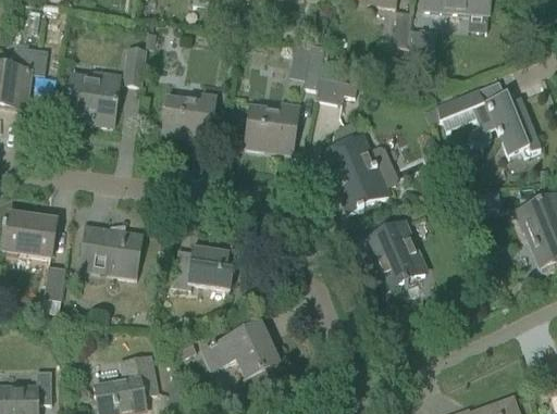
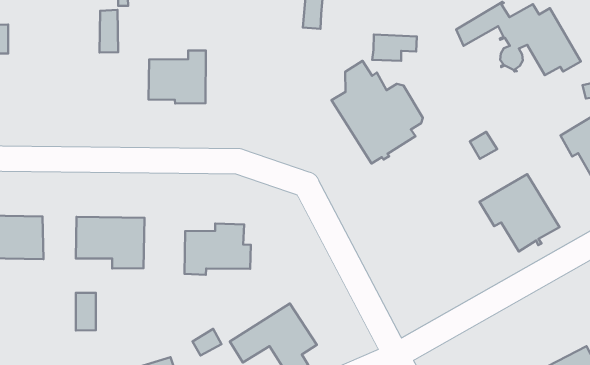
building: [65,73,120,125] -> none
building: [317,76,358,102] -> [372,35,417,61]
building: [245,101,299,149] -> none
building: [359,222,425,288] -> [480,174,559,252]
building: [44,264,65,299] -> [76,293,96,330]

